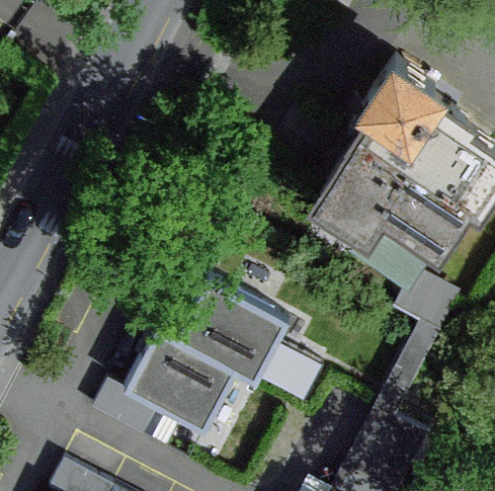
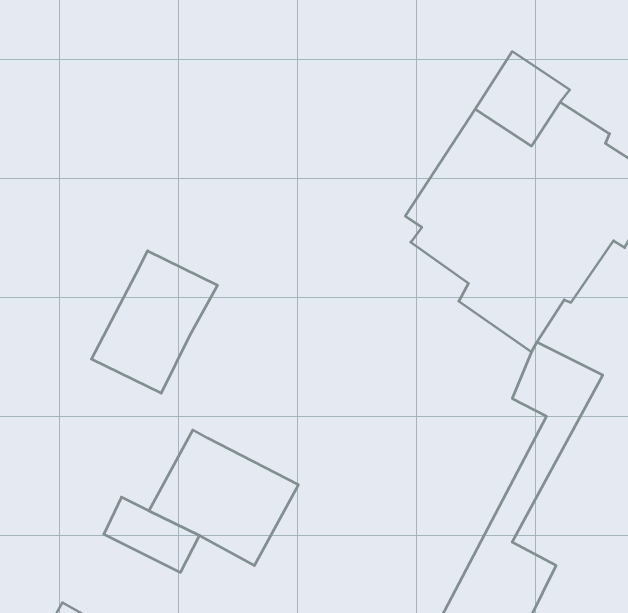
building: none -> [91,251,217,393]
building: [171,280,287,389] -> none

